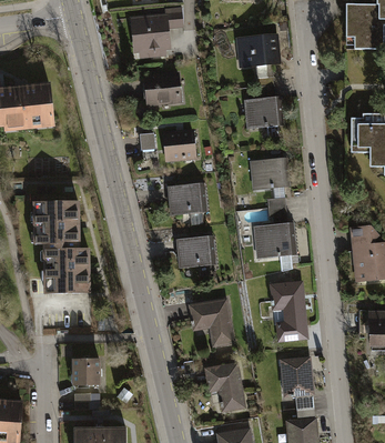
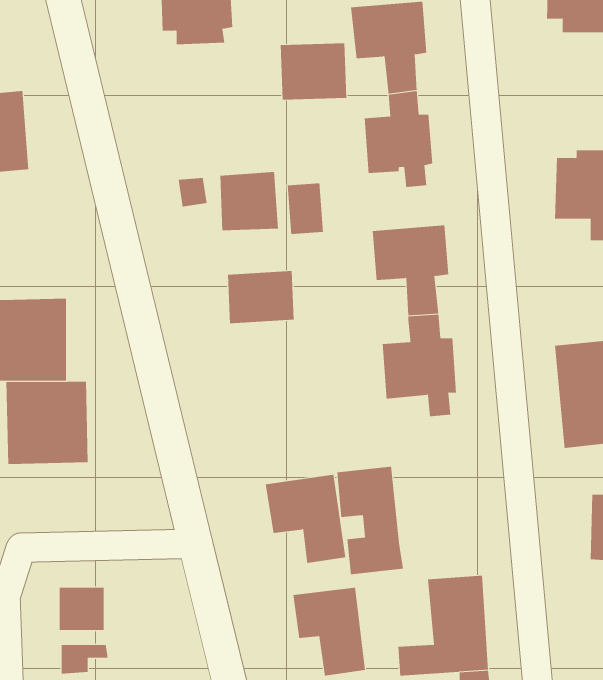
building: [143,72,181,104] -> [280,43,347,100]
building: none -> [287,183,323,235]
building: [176,236,216,269] -> none
building: [271,281,308,342] -> [336,466,404,575]

